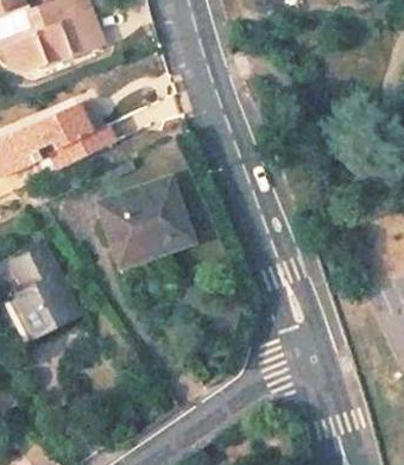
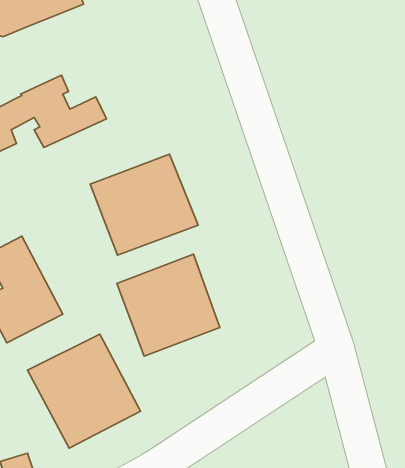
building: none -> [117,254,220,356]
building: none -> [28,334,141,448]

